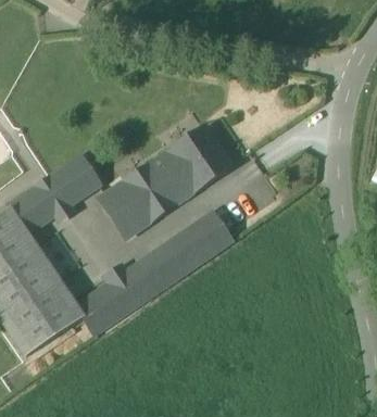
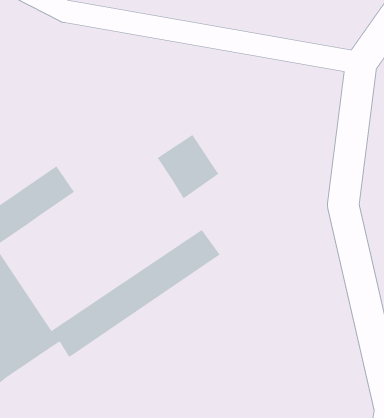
building: [102,154,185,235] -> none

